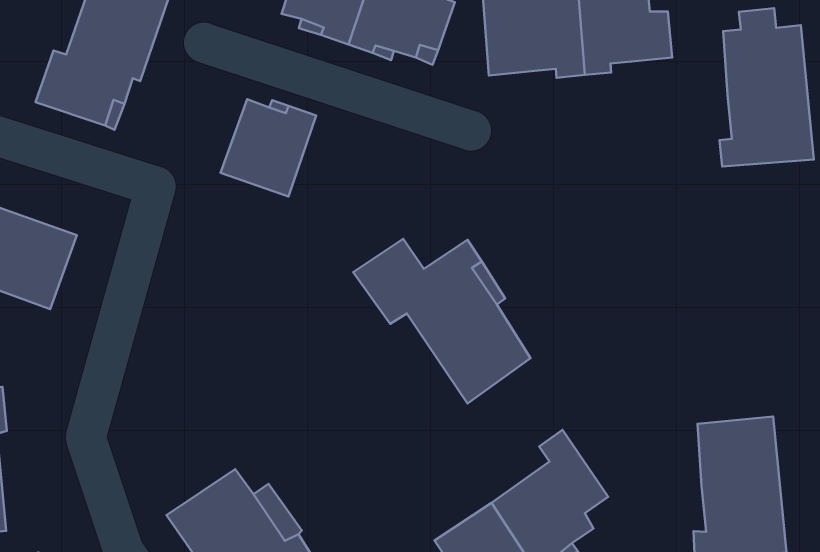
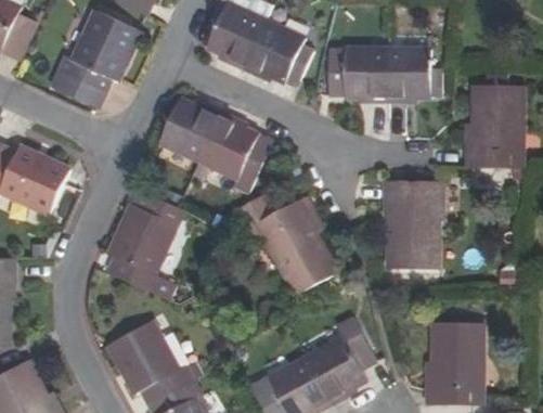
building: none -> [199,112,271,191]
building: none -> [384,181,442,269]
building: none -> [107,190,181,299]

